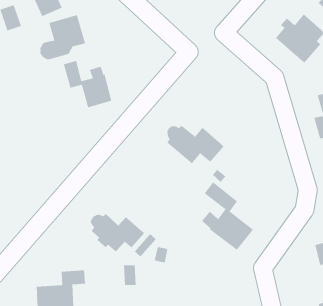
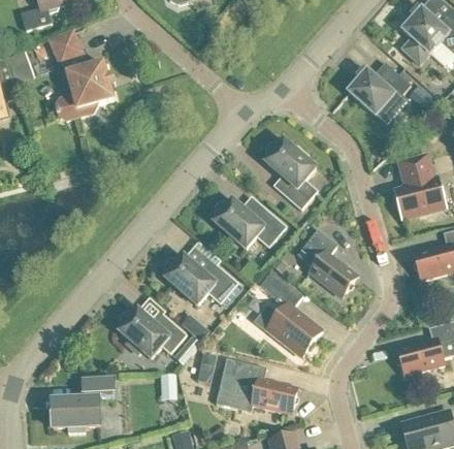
building: [63,60,112,108] -> none
building: none -> [265,140,317,210]
building: none -> [297,229,358,297]
building: none -> [165,256,237,306]
building: none -> [216,358,297,414]

